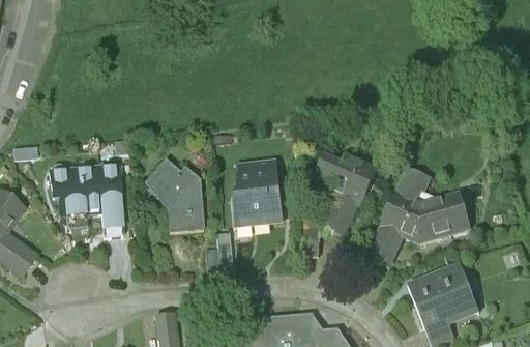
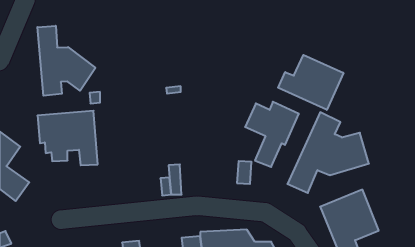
building: none -> [37,26,95,96]
building: none -> [278,55,343,110]
building: [144,160,202,231] -> none
building: [230,160,283,225] -> none

